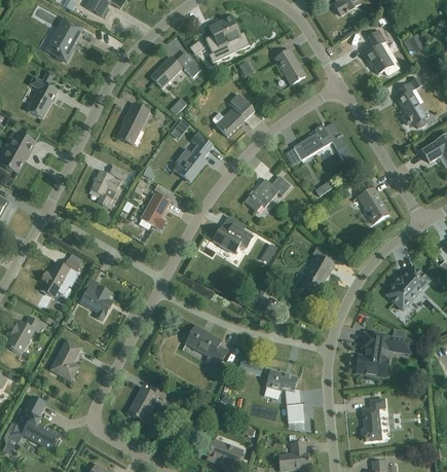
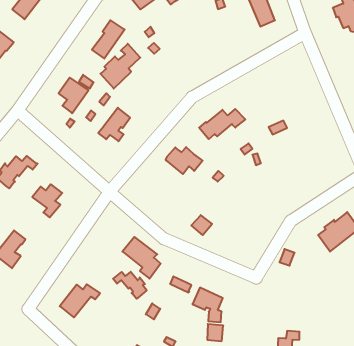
building: [212,93,254,136] -> none
building: [293,121,355,164] -> none
building: [174,132,213,181] -> [100,44,140,89]
building: [358,186,388,222] -> none
building: [298,246,336,290] -> none
building: [356,332,411,376] -> none
building: none -> [113,272,147,299]

